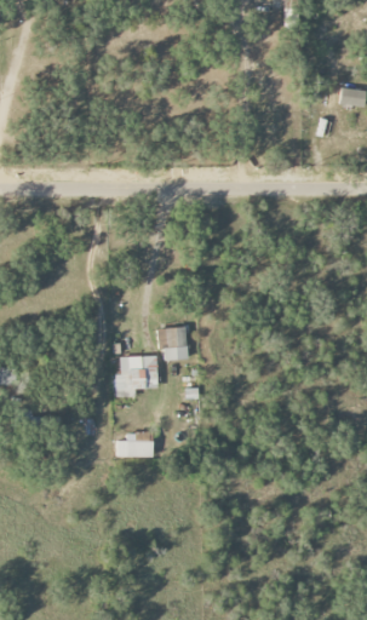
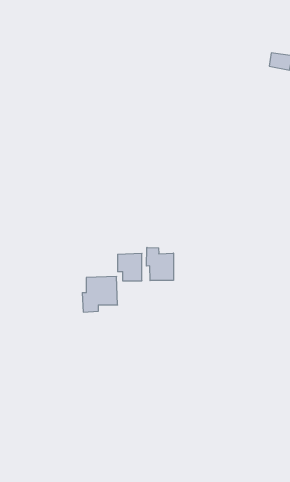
building: none -> [147,247,173,281]
building: [116,432,154,458] -> none

